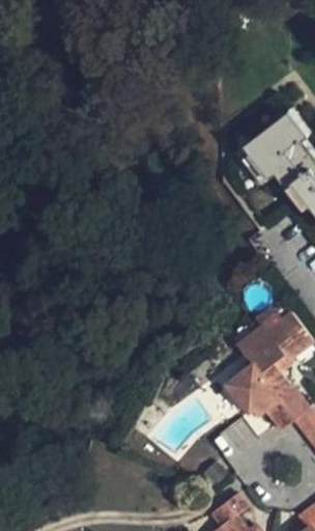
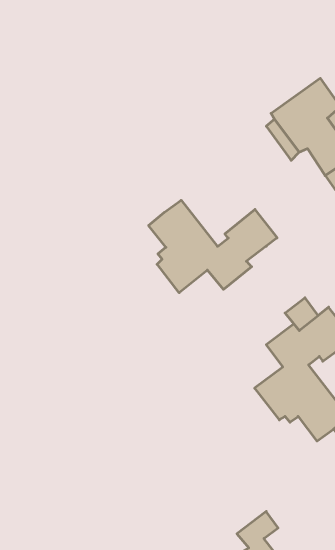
building: none -> [149,200,277,293]

